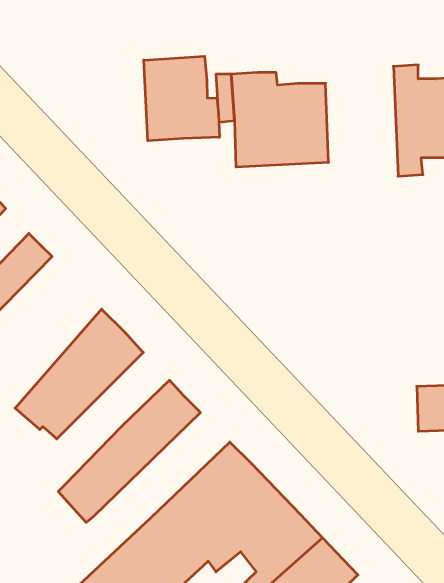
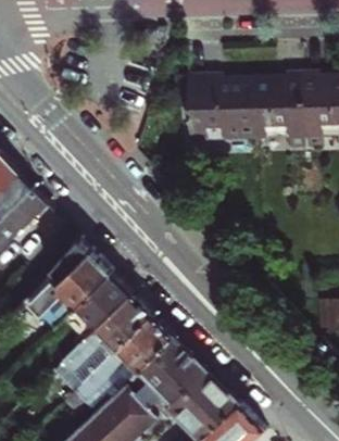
building: [144,56,219,141] -> none
building: none -> [241,73,292,151]
building: none -> [79,274,131,326]
building: none -> [70,316,174,405]

